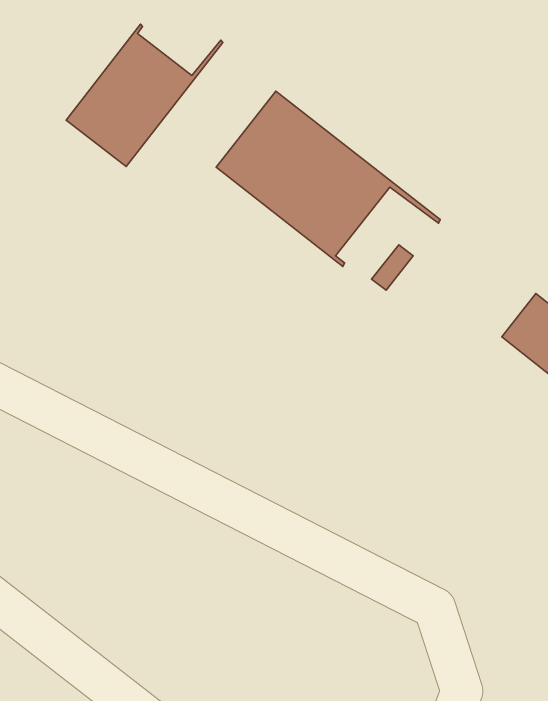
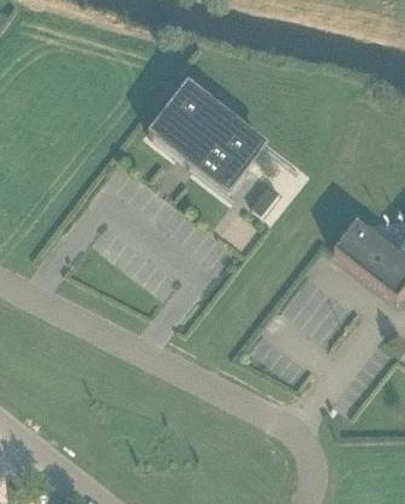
building: [66,24,223,166] -> none

